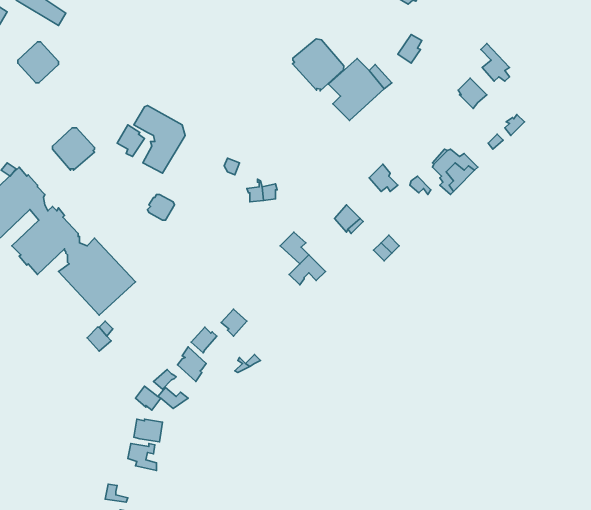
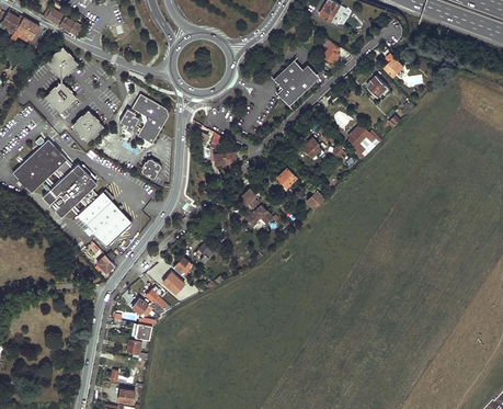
building: [292,39,344,91] -> none
building: none -> [46,82,76,113]

